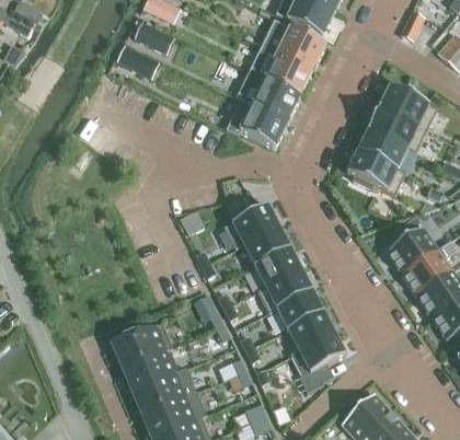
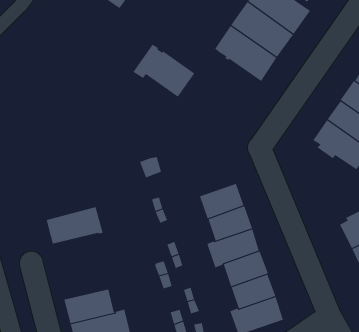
building: [226,99,288,148] -> [132,44,195,97]
building: [231,200,278,244] -> none
building: [114,323,173,367] -> [46,207,103,244]

